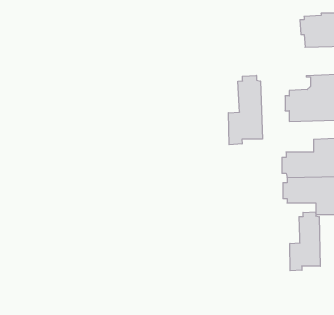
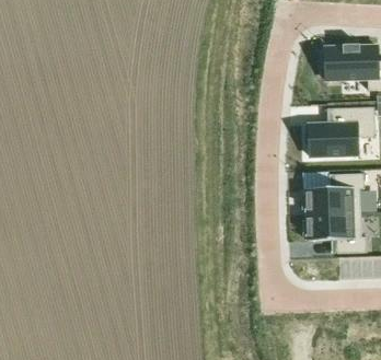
building: [228,75,262,145] -> none
building: [290,212,320,271] -> none

